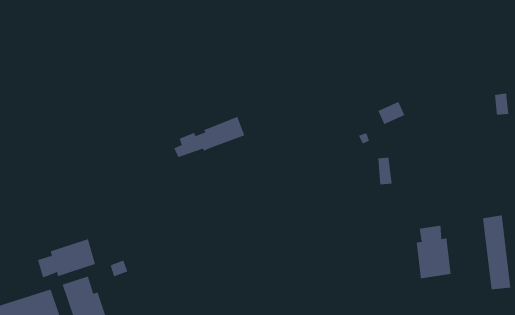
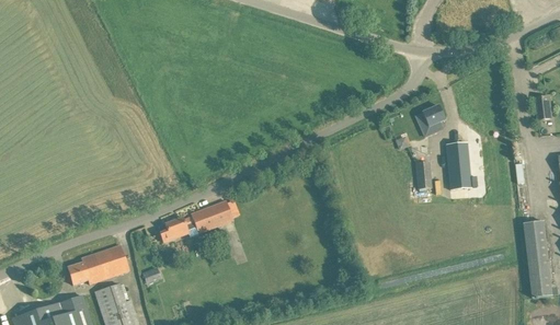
building: [173,116,245,158] -> [160,199,233,242]
building: none -> [446,141,471,187]
building: [416,225,451,279] -> none

